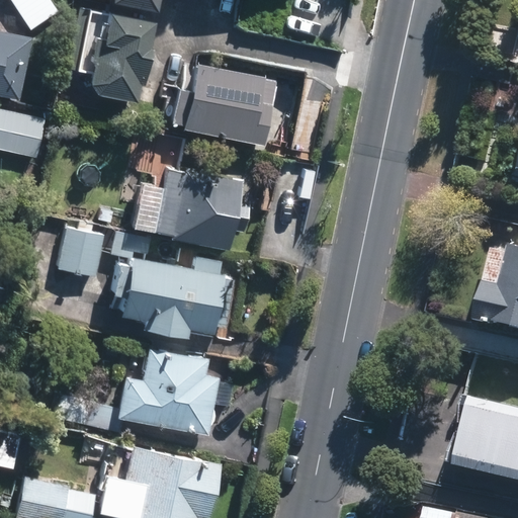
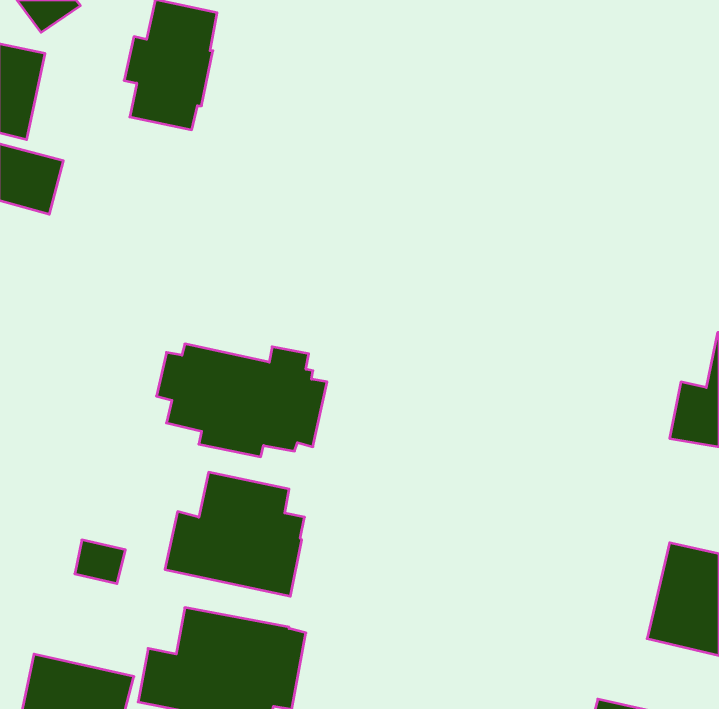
building: [171,64,279,147] -> none
building: [154,168,250,250] -> none
building: [57,229,103,278] -> none

